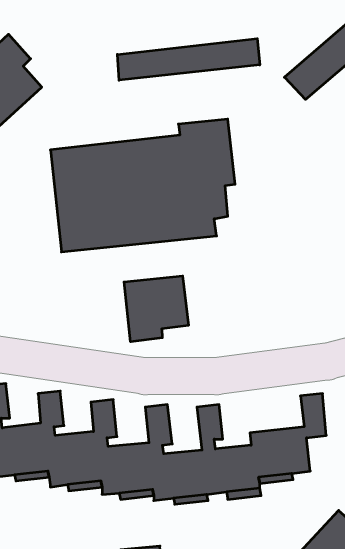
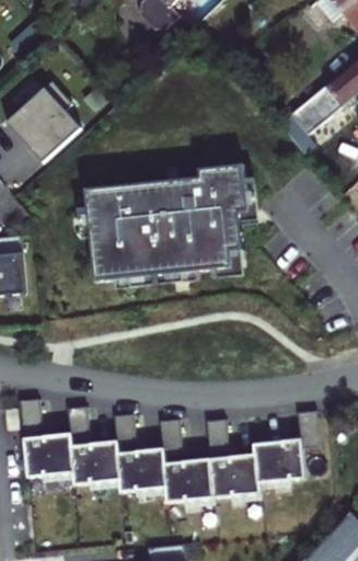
building: [117,39,260,80] -> none
building: [124,276,188,342] -> none

